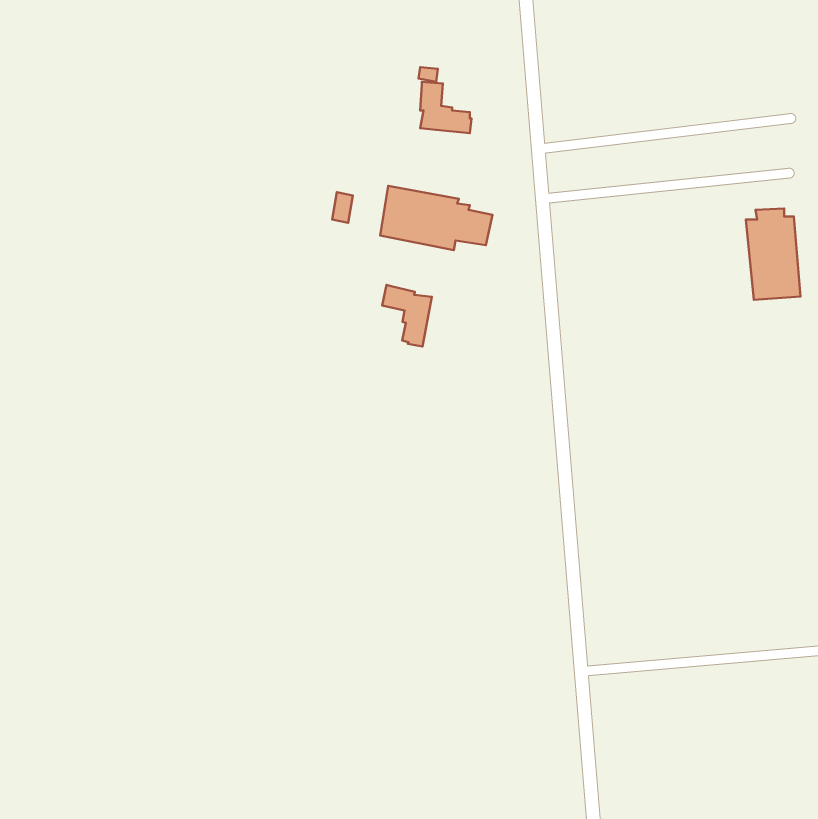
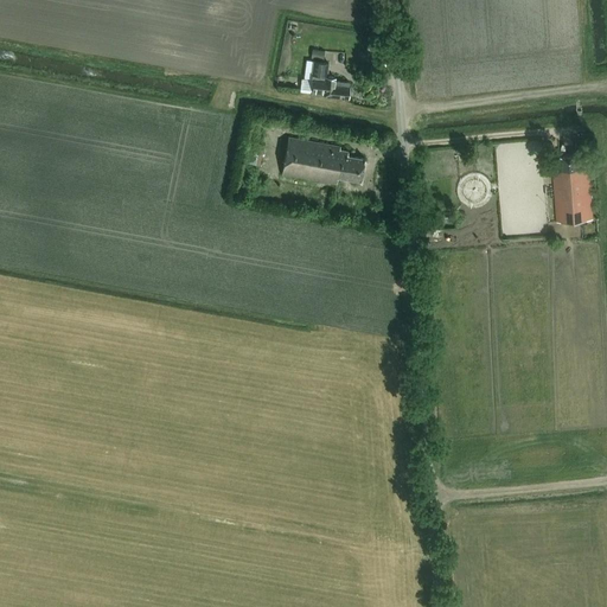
building: [382,285,432,346] -> none

